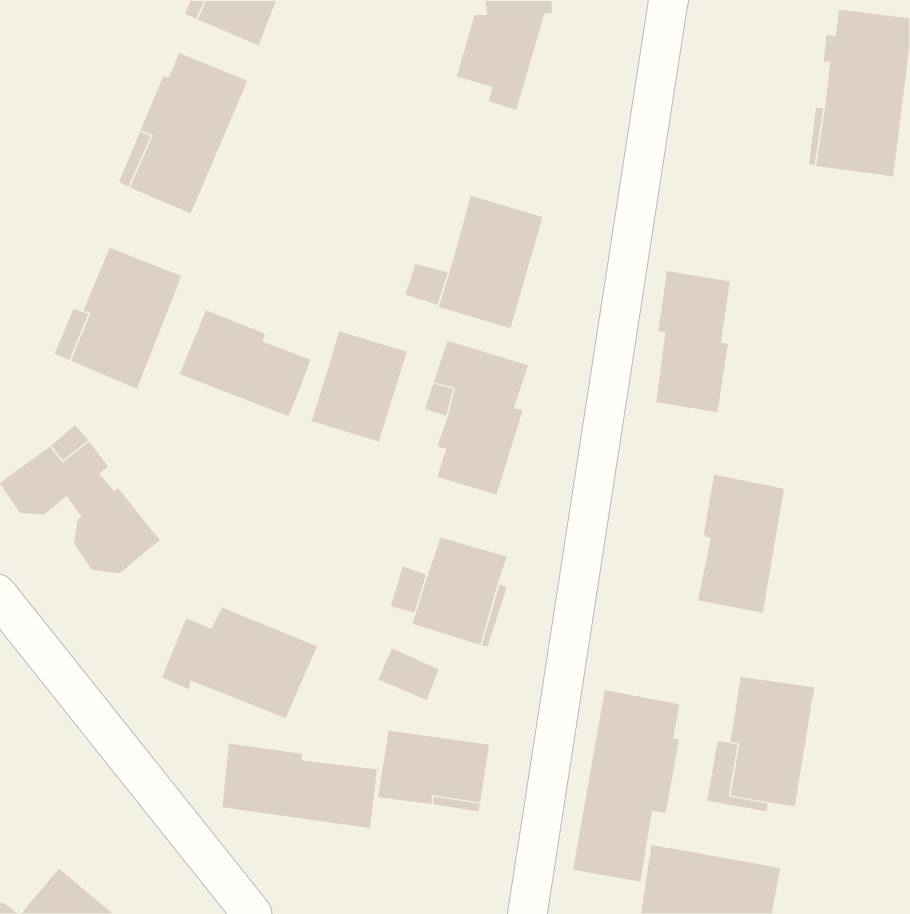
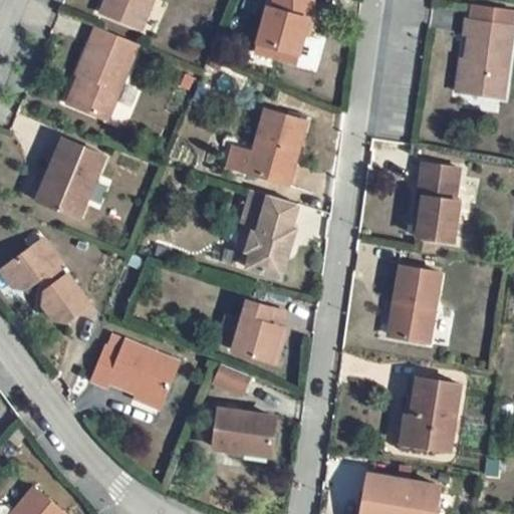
building: [656,270,731,413] -> [419,164,461,244]
building: [178,309,311,417] -> none
building: [310,330,408,443] -> none
building: [572,689,680,882] -> none
building: [221,743,378,829] -> none

